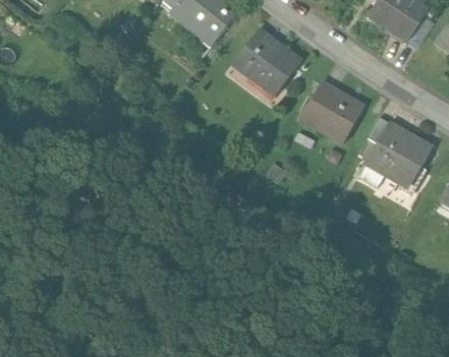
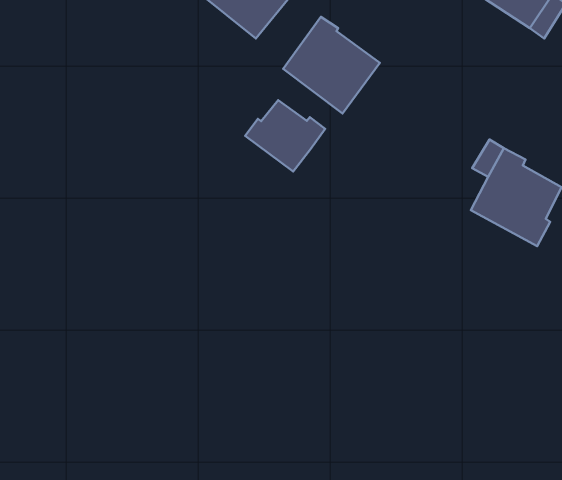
building: [300,82,363,141] -> none
building: none -> [245,100,325,172]

